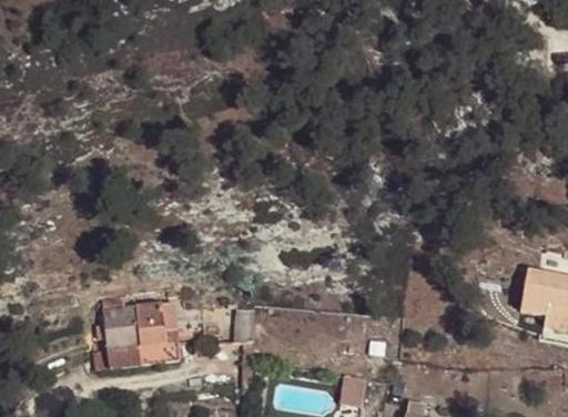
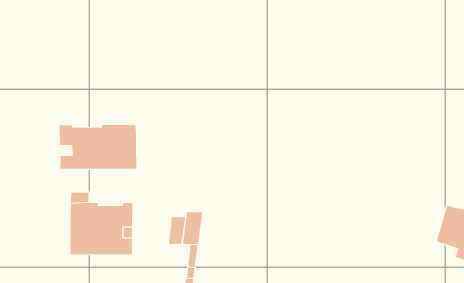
building: none -> [59,124,137,170]

